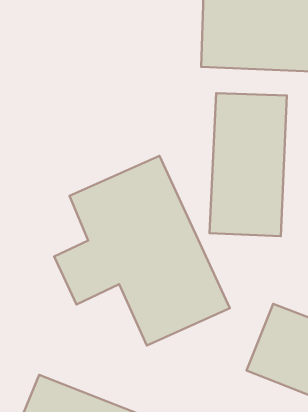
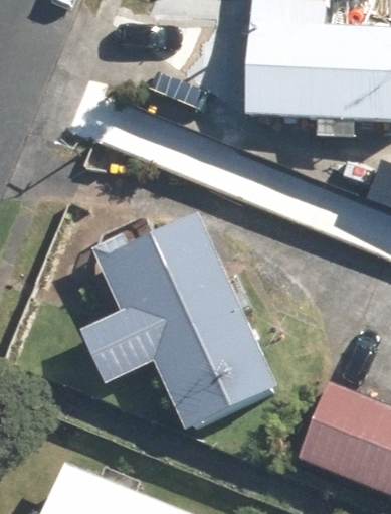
building: [209,93,287,236] -> none

